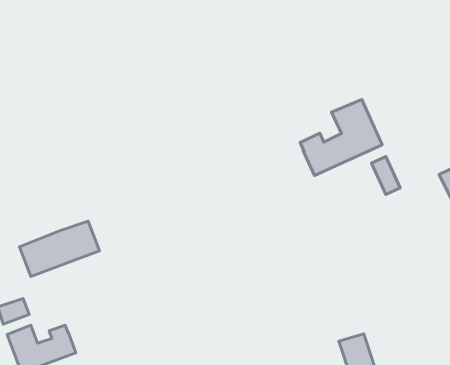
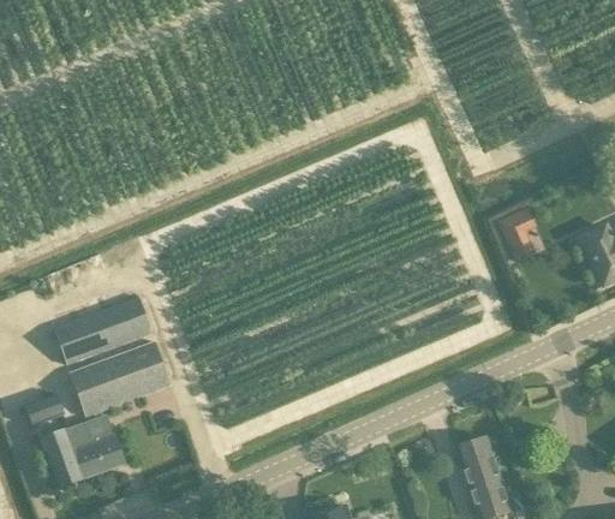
building: [300,99,382,175] -> none
building: none -> [70,339,172,416]

